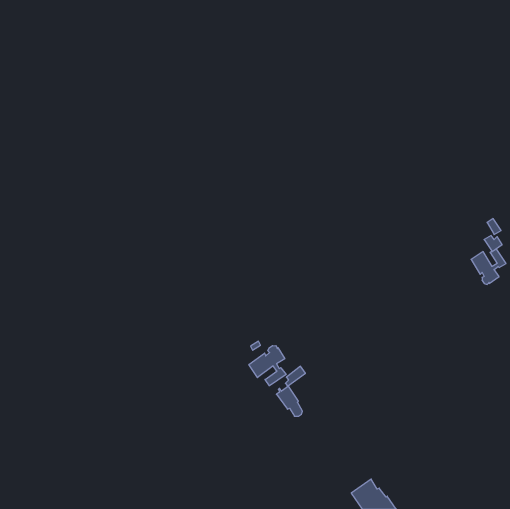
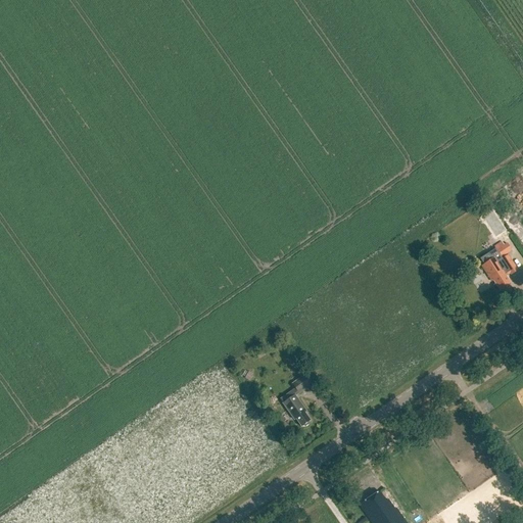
building: [249,346,286,386] -> none

